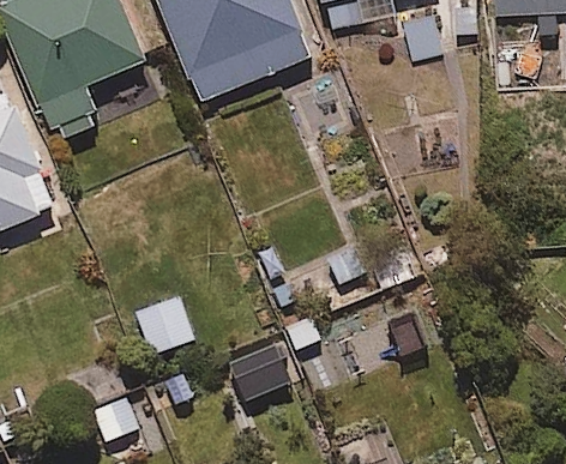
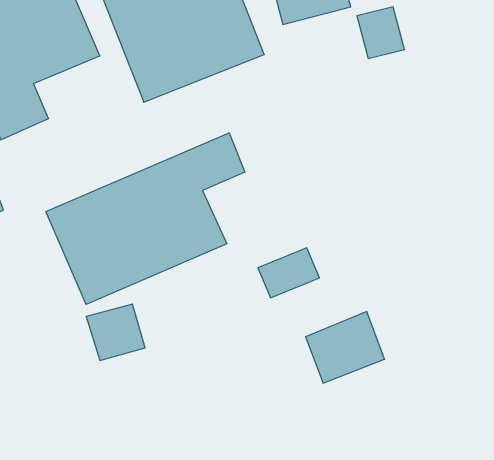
building: none -> [46,133,245,304]

